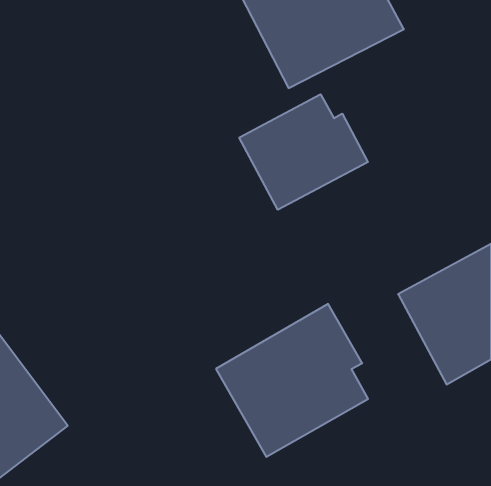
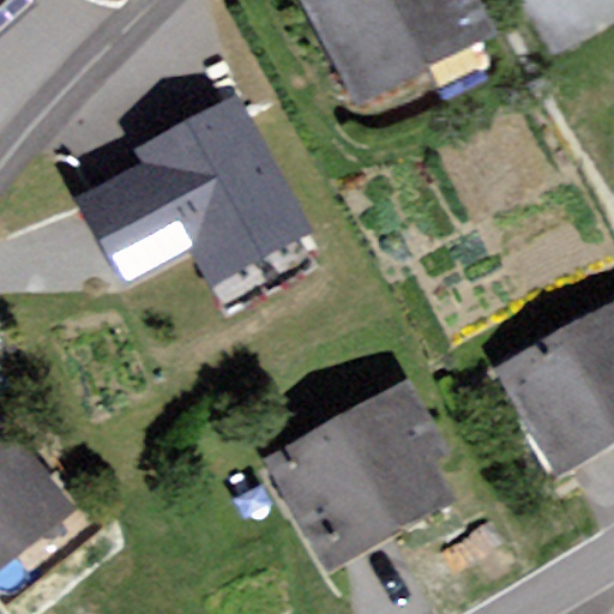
building: none -> [77,95,308,287]
building: [239,94,368,210] -> none

